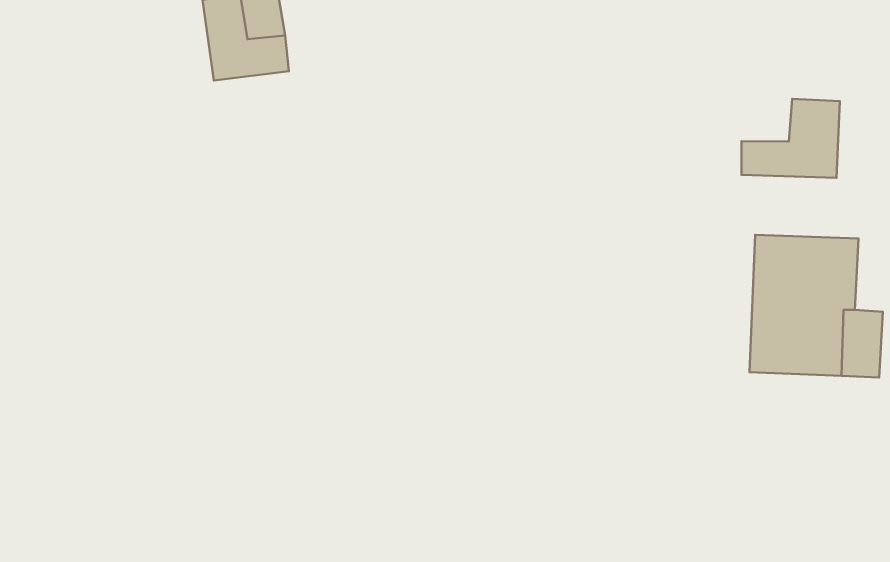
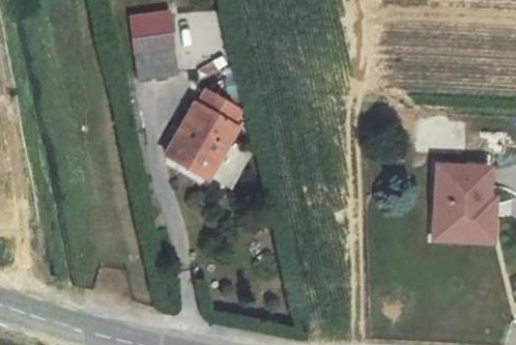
building: [741,99,840,178] -> none
building: none -> [165,102,233,175]

